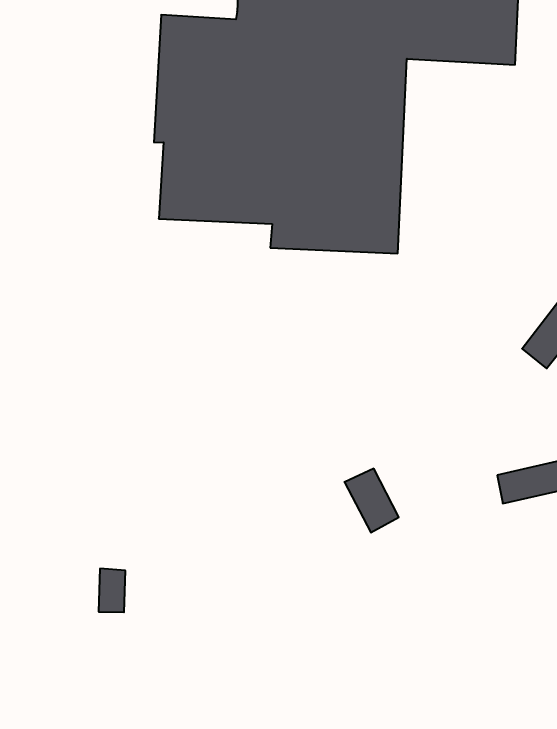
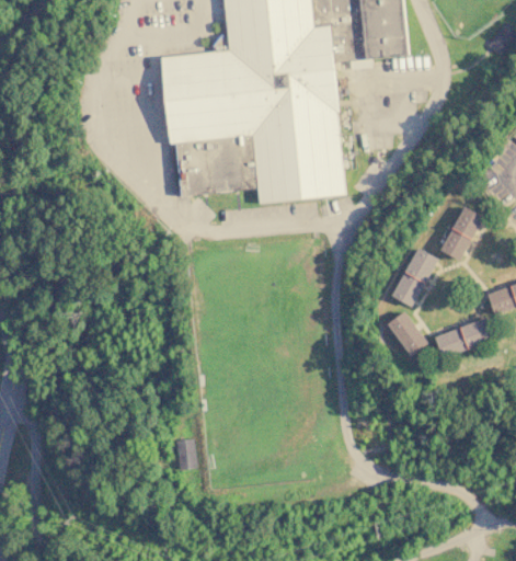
building: none -> [390,245,438,305]
building: [344,469,399,533] -> [388,309,428,353]

